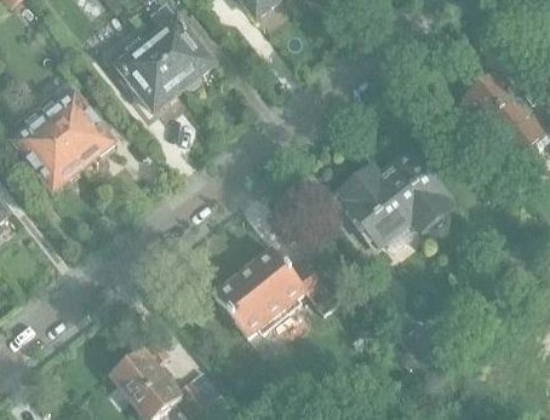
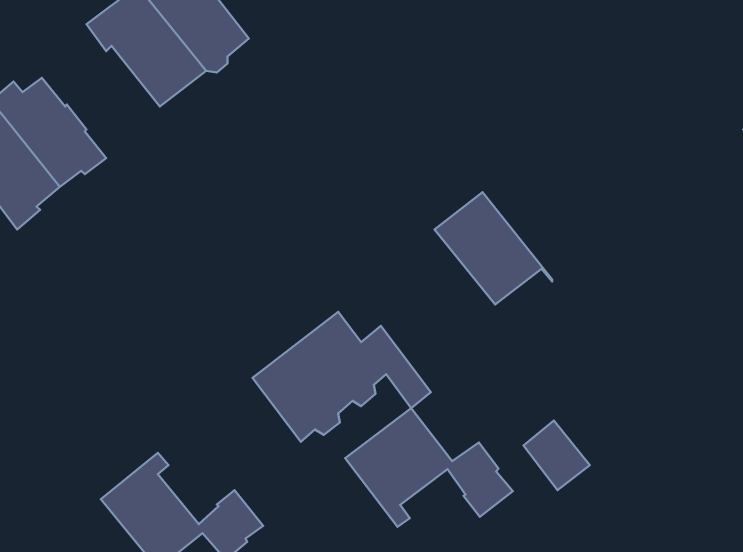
building: [464,71,540,154] -> none
building: [369,151,445,226] -> none
building: none -> [345,408,513,527]

